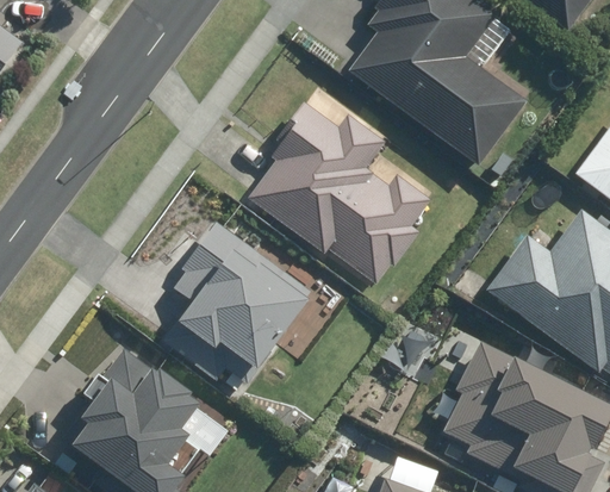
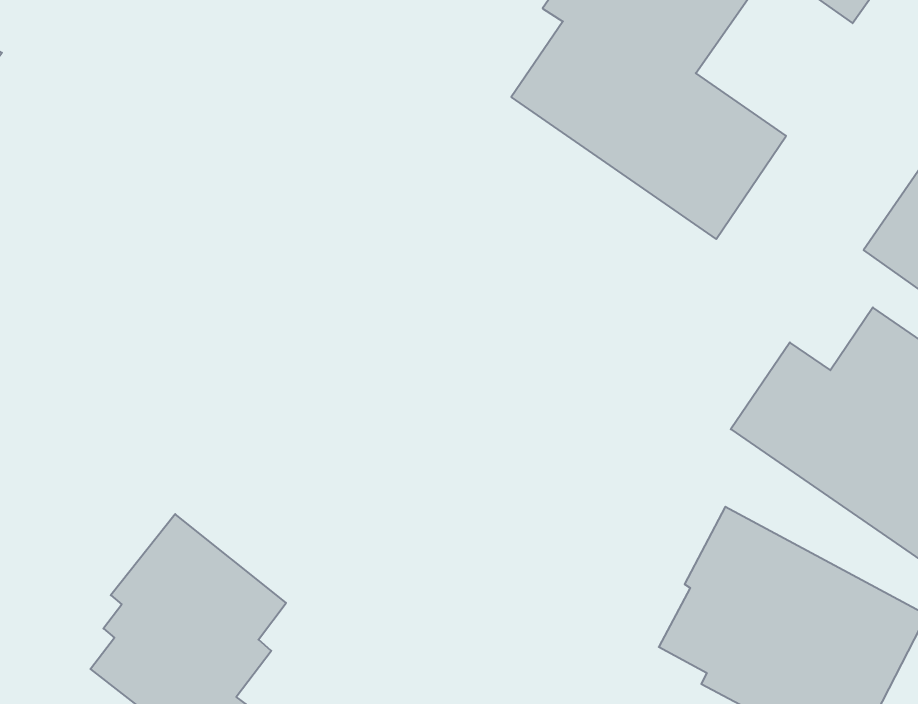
building: [250,83,436,288] -> none
building: [169,222,317,373] -> none

